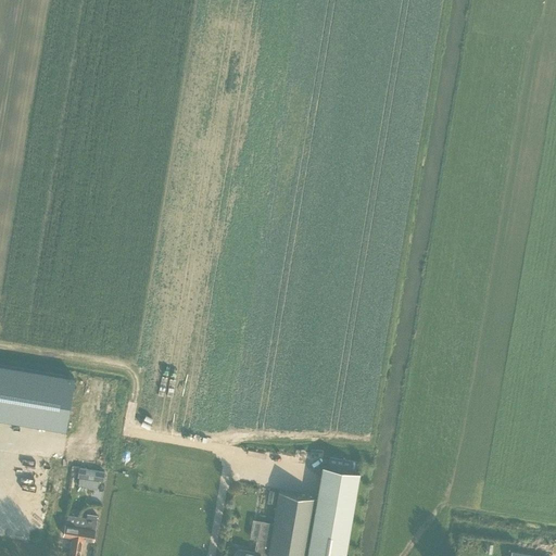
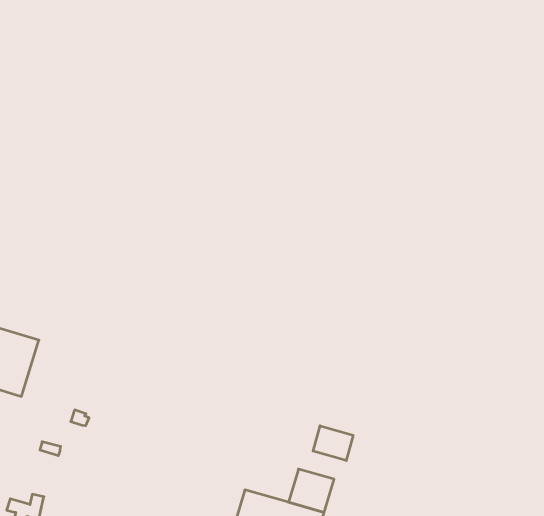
building: none -> [313,426,353,461]

